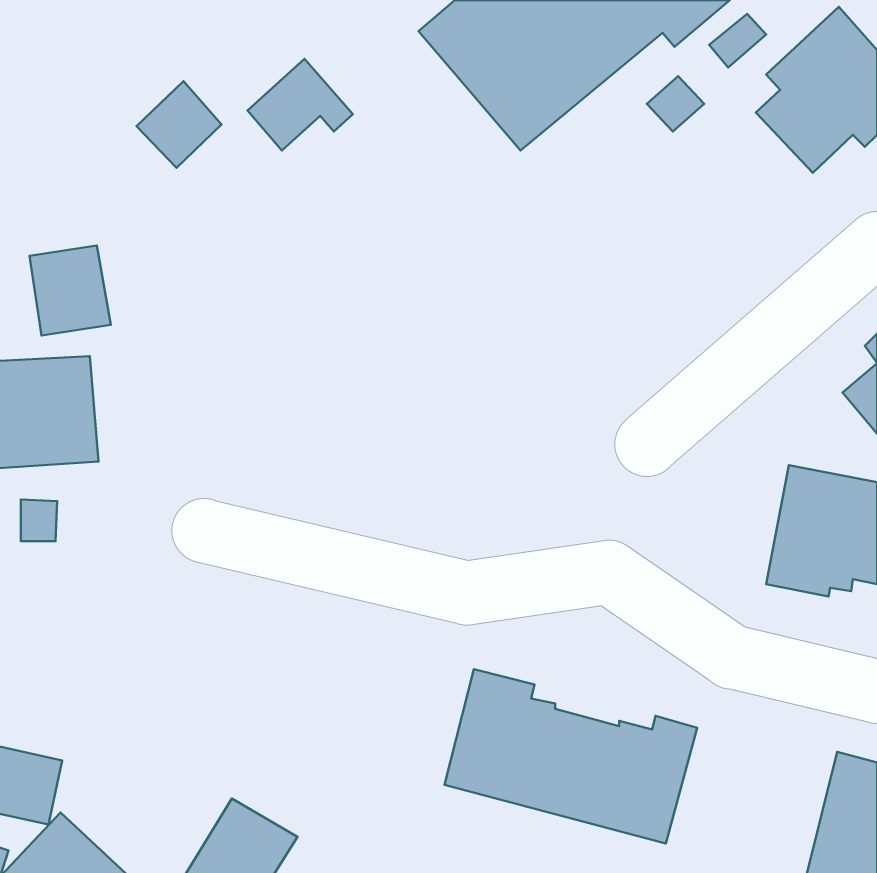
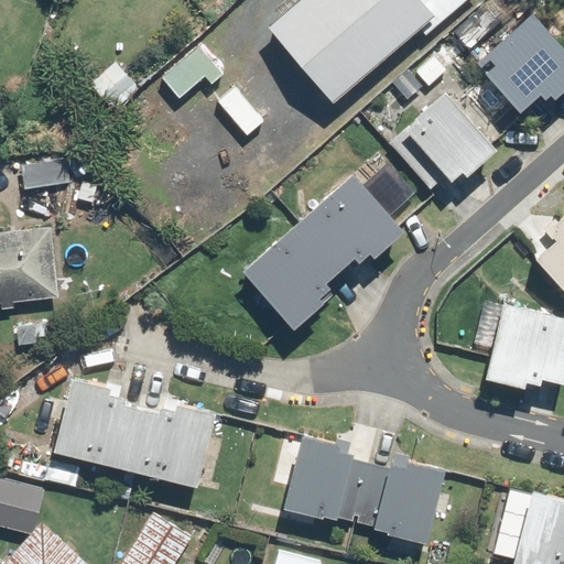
building: none -> [411,95,500,180]
building: none -> [243,172,406,328]
building: none -> [57,376,215,482]

